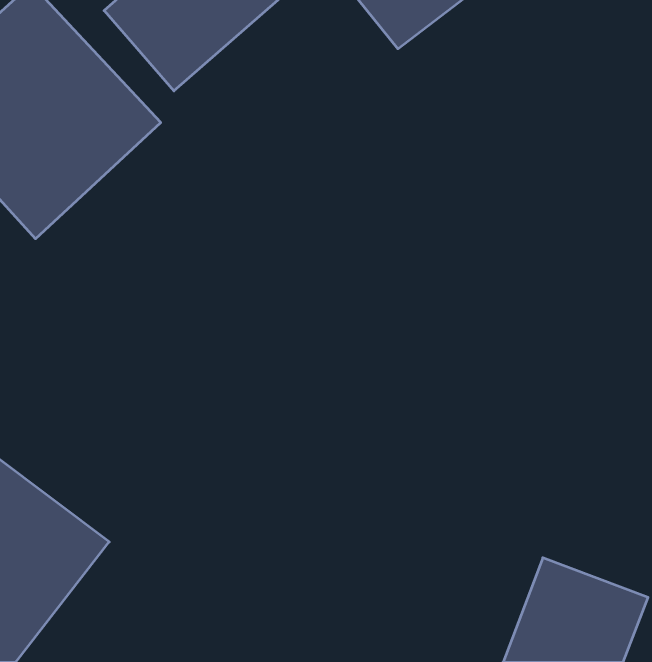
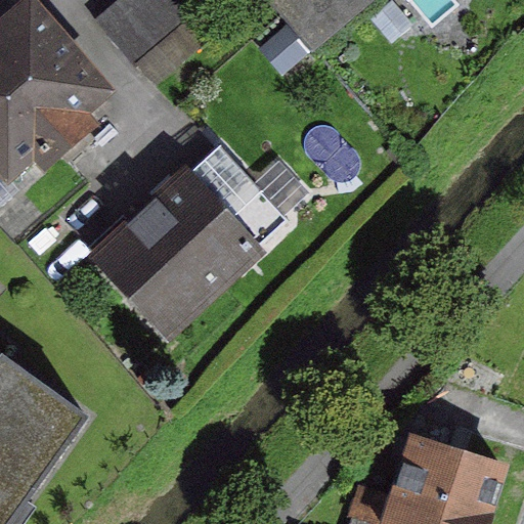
building: none -> [99,140,282,316]

